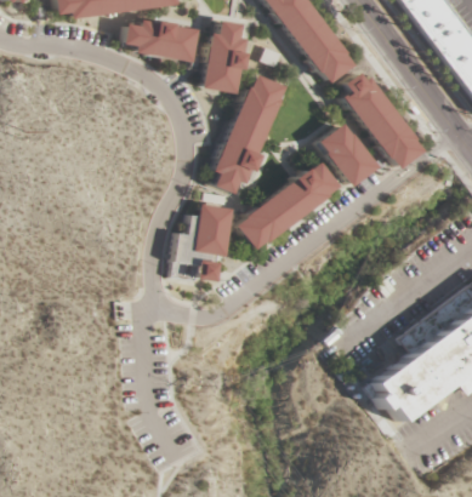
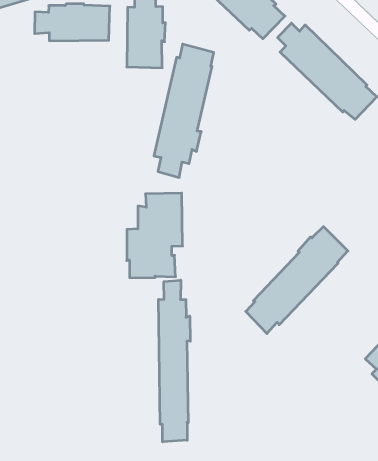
building: [320,124,379,188] -> none
building: [239,161,340,248] -> [246,227,348,334]
building: none -> [159,280,190,442]

